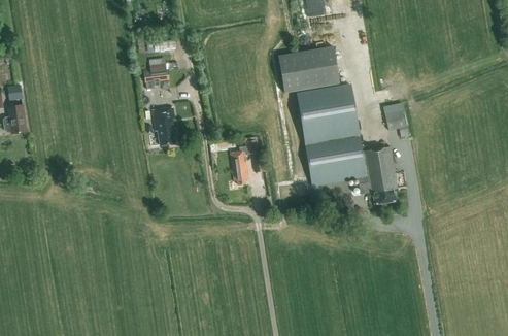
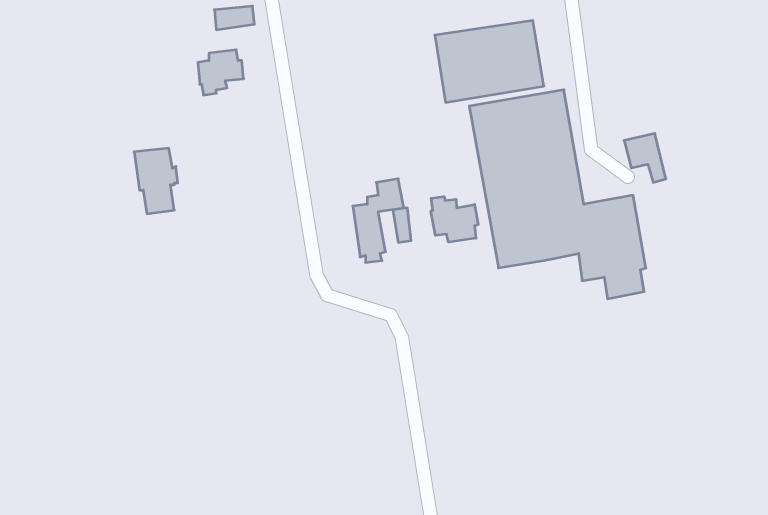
building: [153,107,177,144] -> [134,148,178,214]
building: none -> [431,197,478,242]

